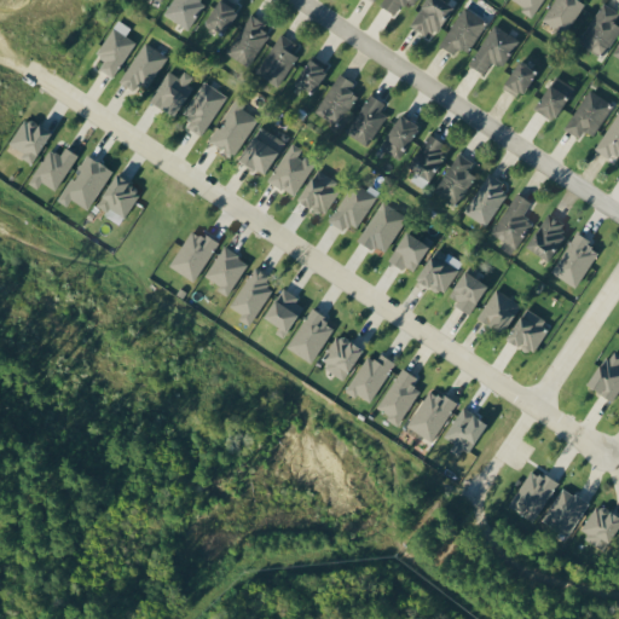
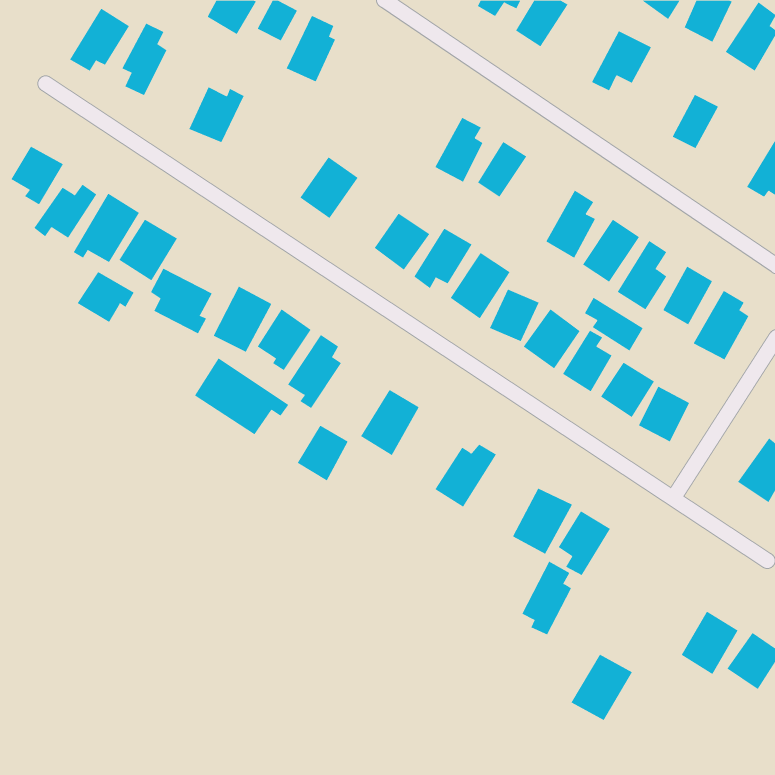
building: [441,6,488,54] -> none
building: [259,34,297,87] -> none
building: [120,42,168,93] -> [69,8,130,72]
building: [296,58,328,92] -> none
building: [504,59,537,98] -> none
building: [317,73,357,126] -> none
building: [184,82,227,137] -> none
building: [565,91,613,139] -> none
building: [210,100,259,156] -> none
building: [410,133,449,190] -> none
building: [270,143,314,197] -> none
building: none -> [150,268,212,334]
building: none -> [77,271,135,323]
building: none -> [584,297,644,351]
building: none -> [194,357,289,435]
building: [264,290,305,335] -> [297,425,349,481]
building: [322,335,363,381] -> none
building: [380,368,420,427] -> [522,561,572,635]
building: [509,469,559,522] -> [571,654,633,721]

